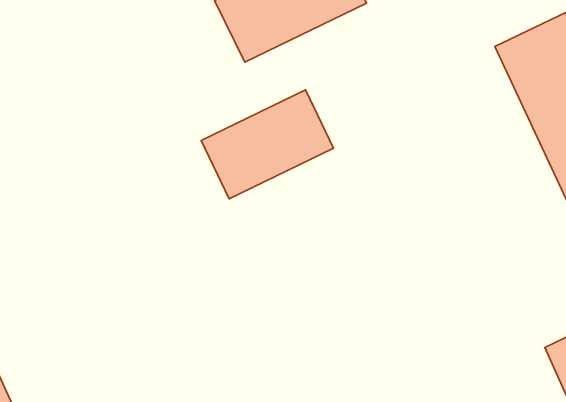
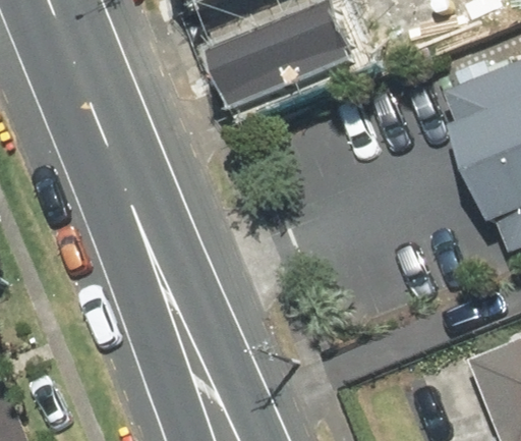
building: [201,90,334,199] -> none

